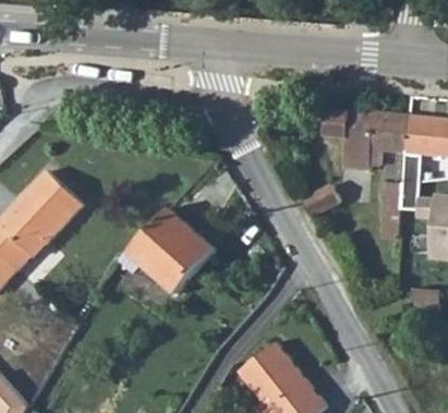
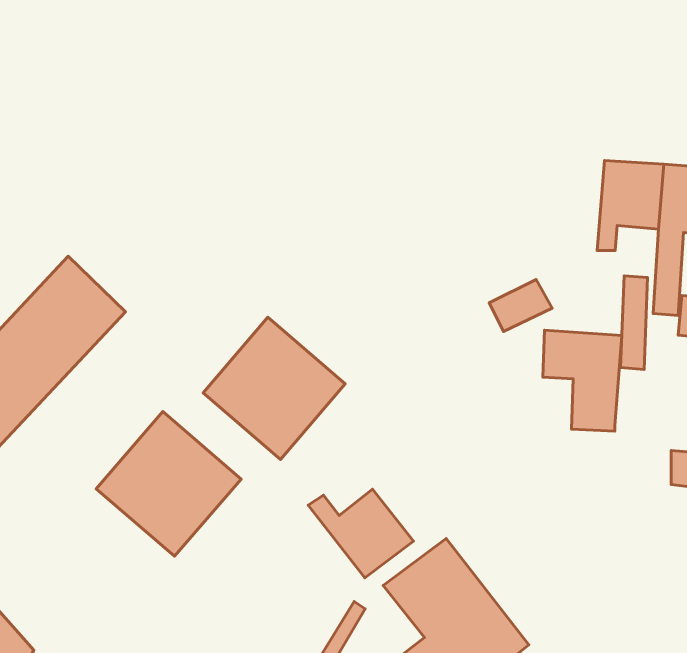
building: [324,109,372,170] -> [543,330,622,431]
building: none -> [96,412,241,556]
building: none -> [308,489,413,578]

